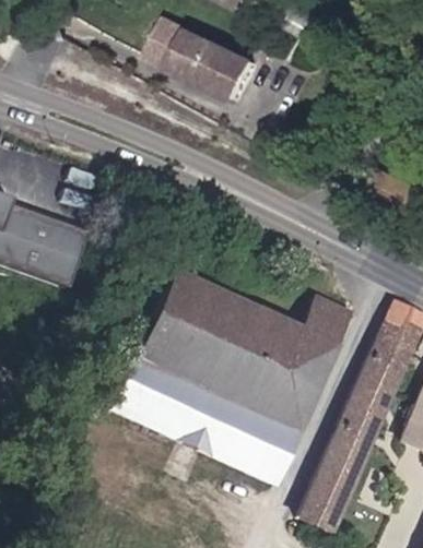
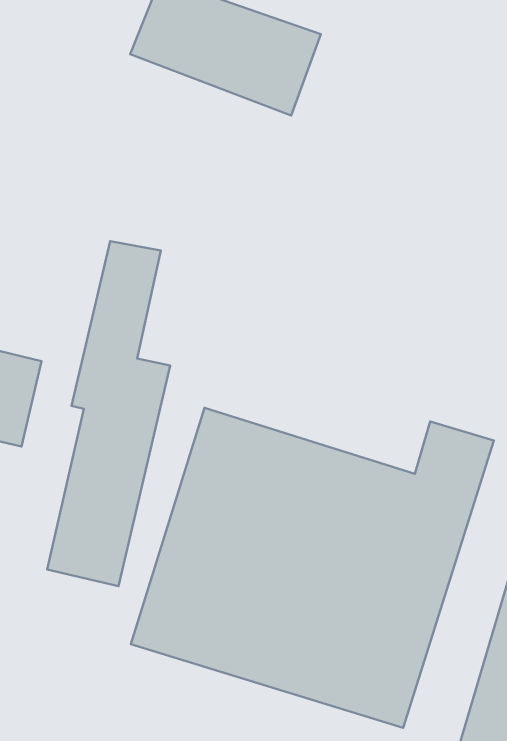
building: none -> [47,241,170,586]

